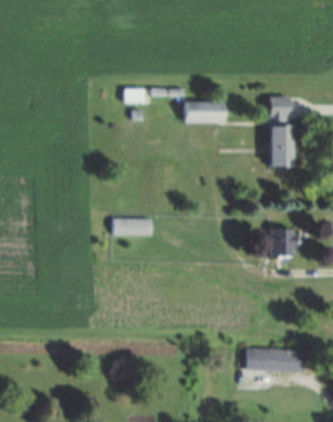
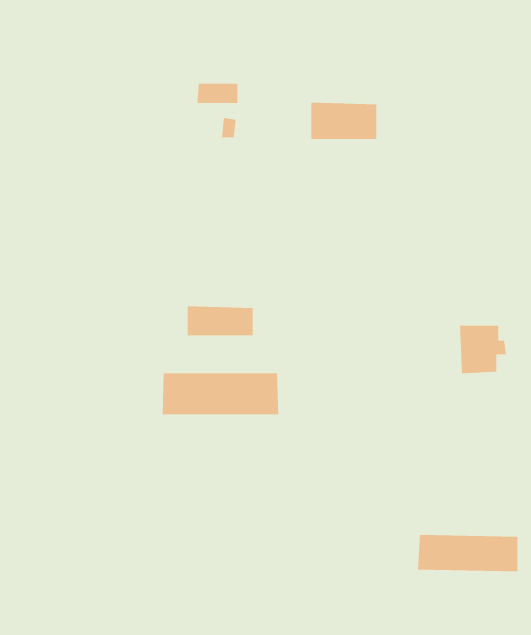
building: [269,97,296,166] -> none
building: none -> [162,372,279,415]

